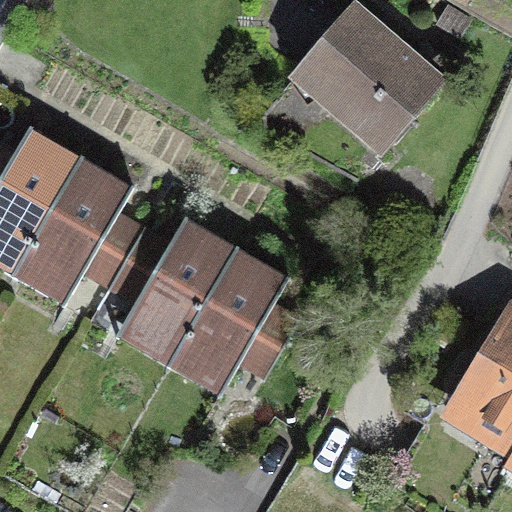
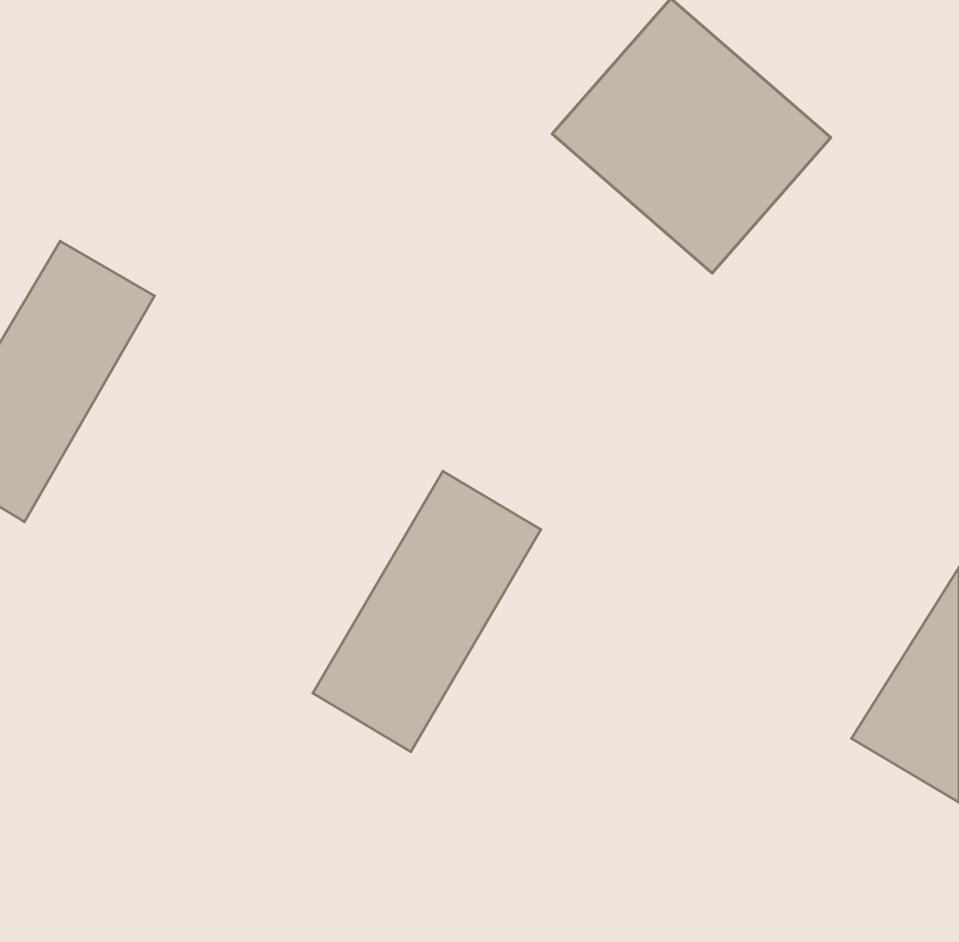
building: [13,157,132,306] -> none
building: [116,222,235,368] -> none

